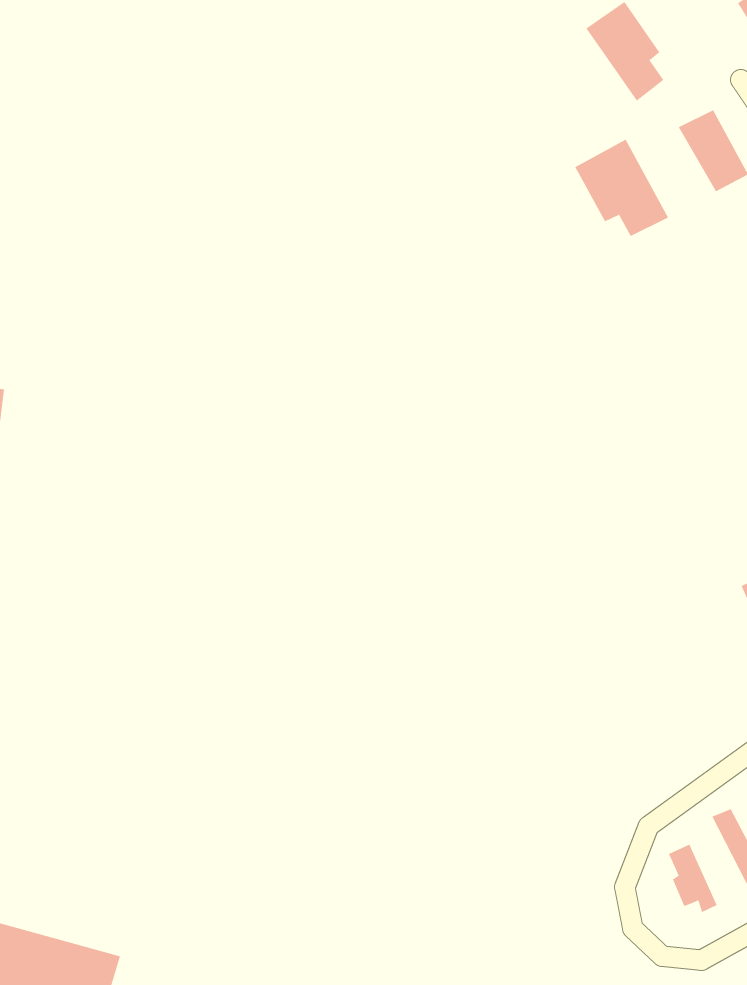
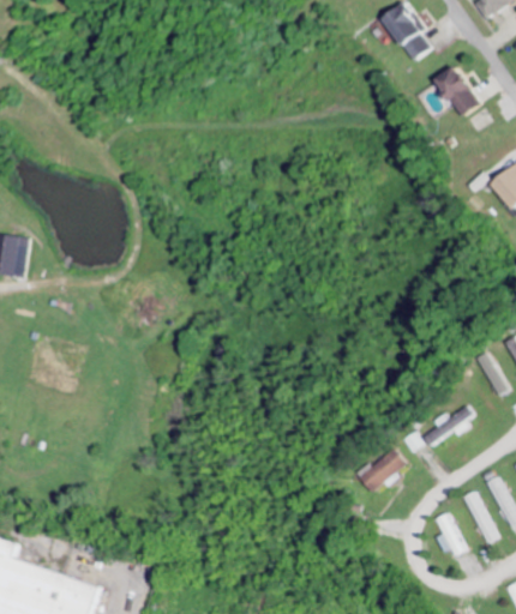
building: [574,139,669,237] -> none
building: none -> [421,405,474,446]
building: none -> [359,447,408,493]

